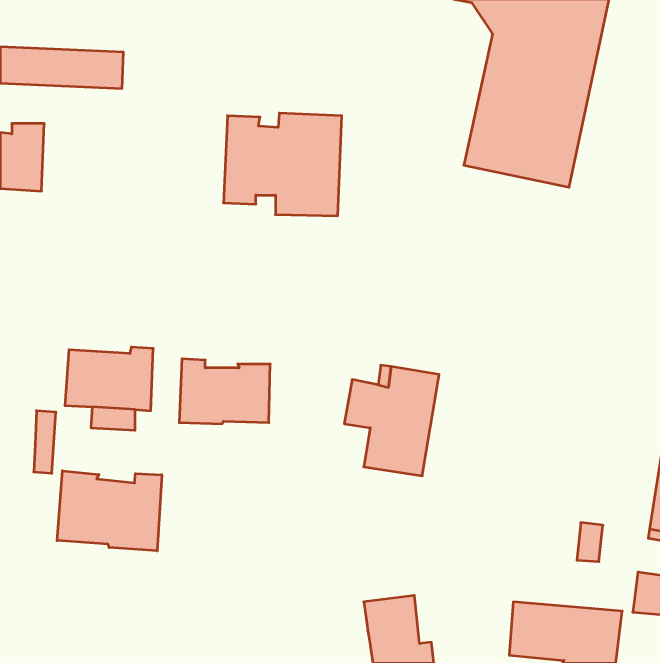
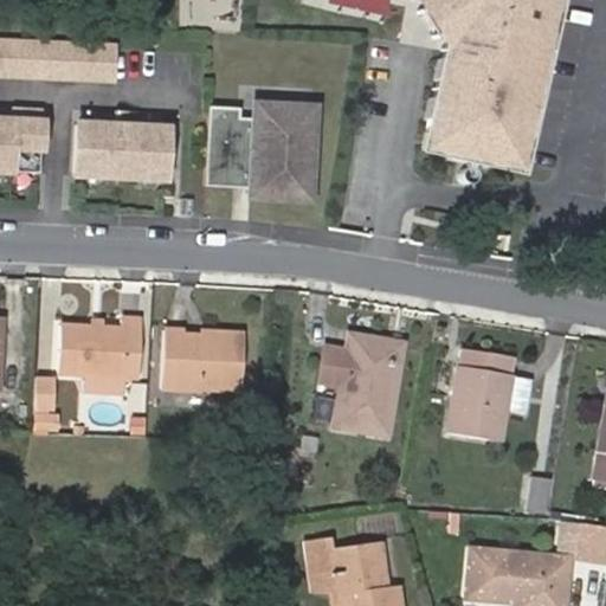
building: none -> [76,124,168,179]
building: none -> [450,347,534,440]
building: [57,471,162,551] -> none
building: none -> [308,539,341,591]

